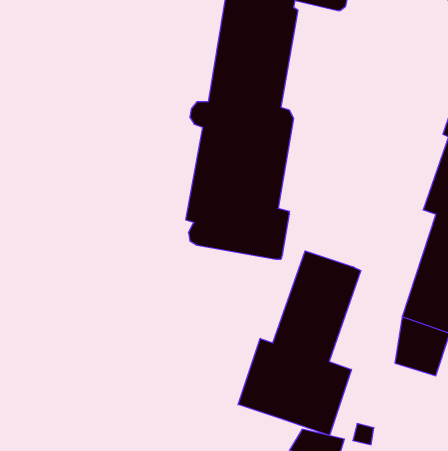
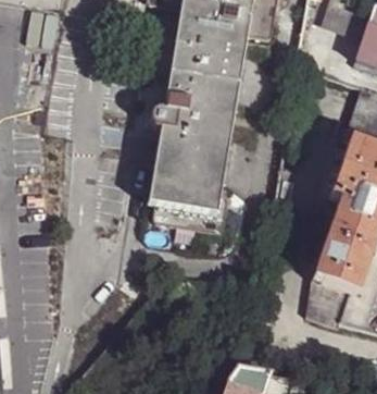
building: [238,251,361,436] -> none

